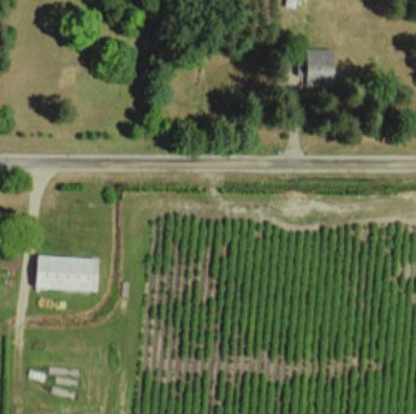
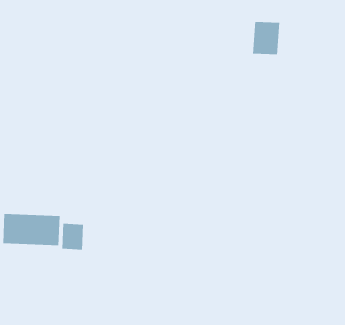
building: none -> [62,223,84,250]

